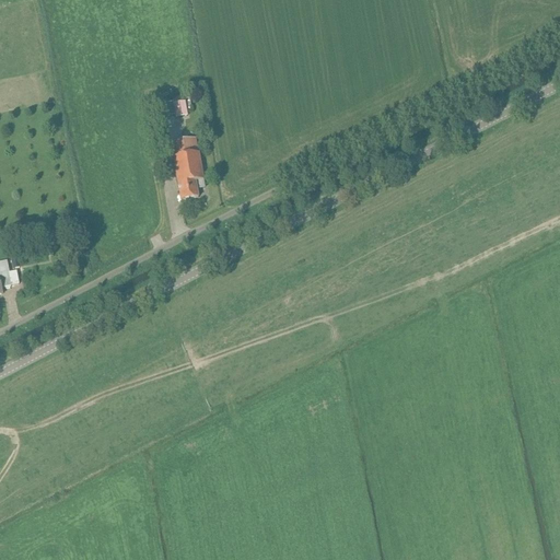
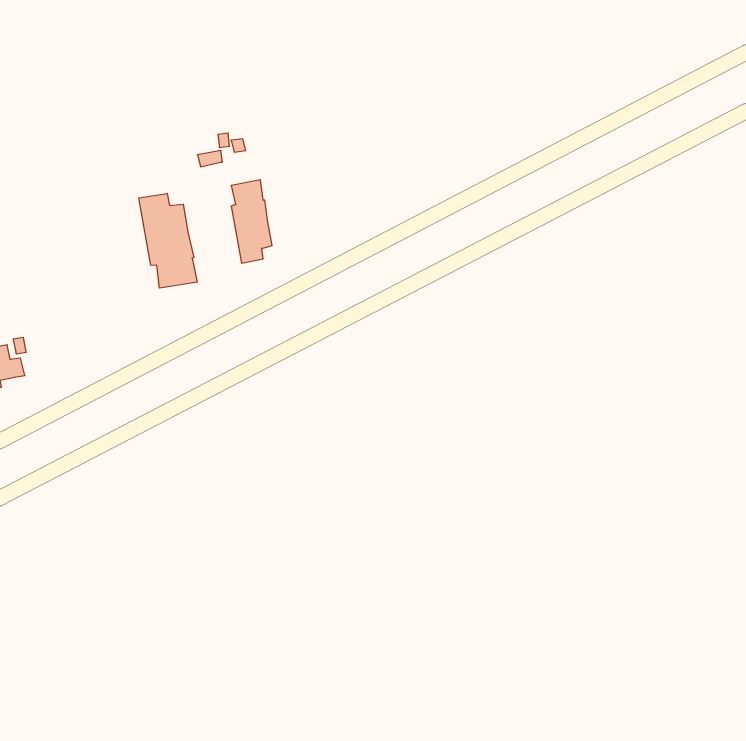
building: none -> [139,193,197,288]

